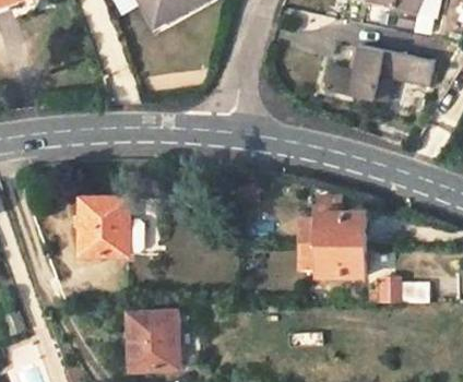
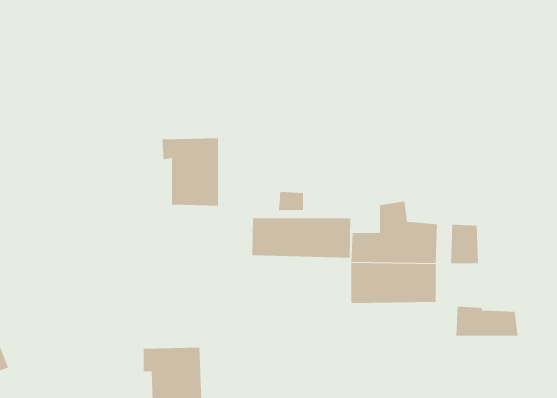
building: [325,46,431,99] -> none
building: [81,201,127,255] -> [162,138,219,206]
building: none -> [252,218,351,259]

